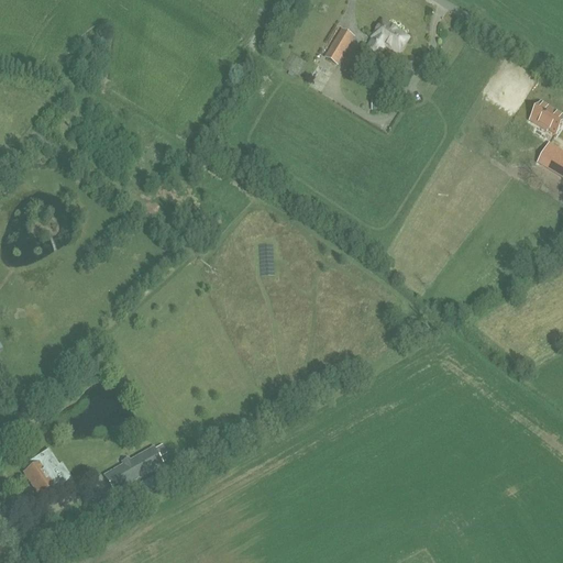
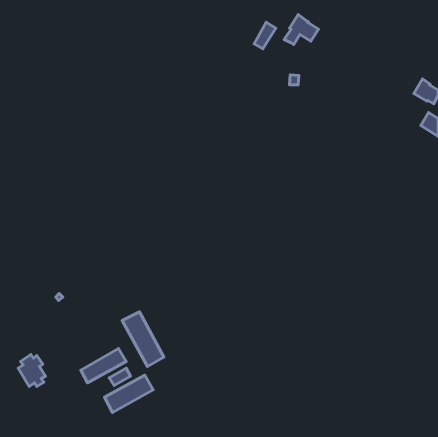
building: none -> [122,312,164,366]
building: none -> [104,375,153,412]

